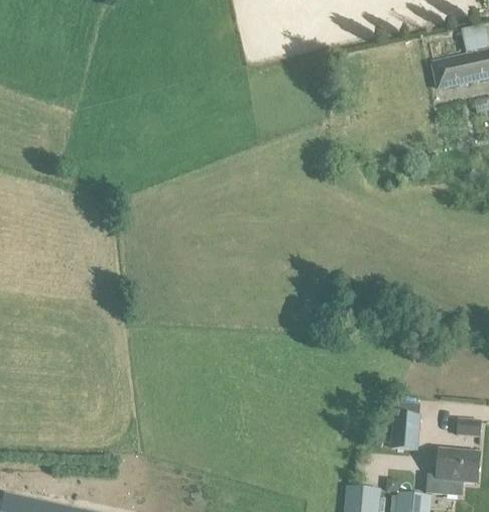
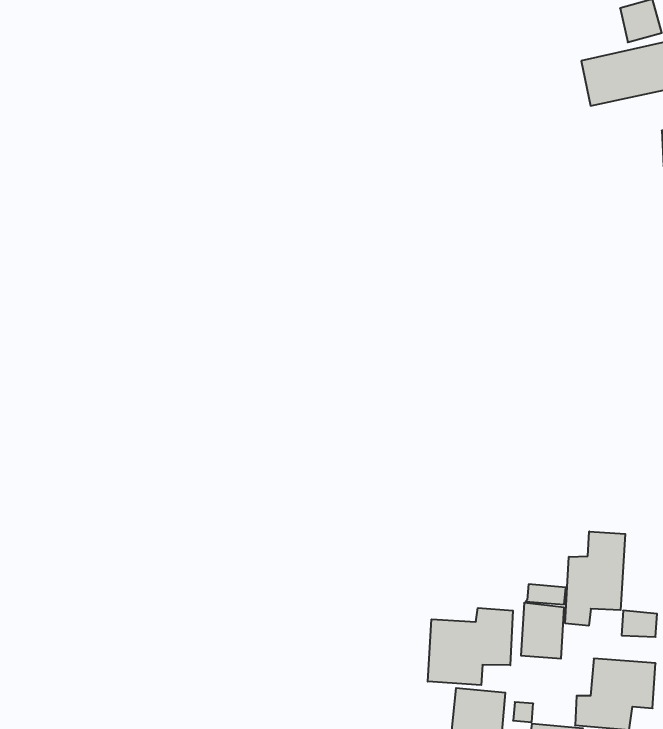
building: none -> [565,531,625,626]
building: none -> [428,608,513,685]

